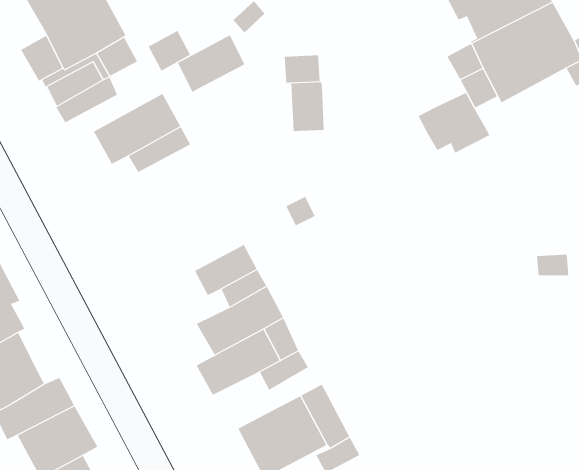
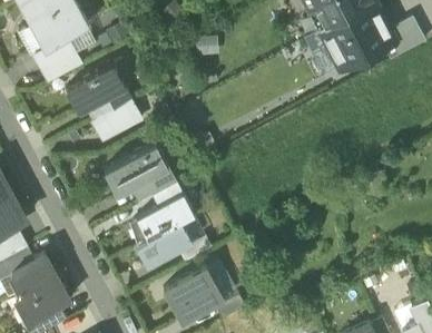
building: [177,34,245,93] -> [96,99,141,138]
building: [291,81,324,132] -> none
building: [418,92,490,153] -> none
building: none -> [104,143,167,194]

